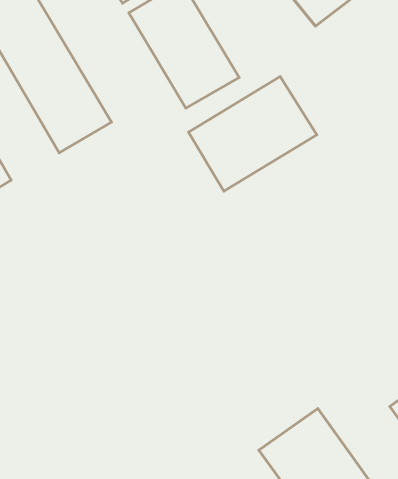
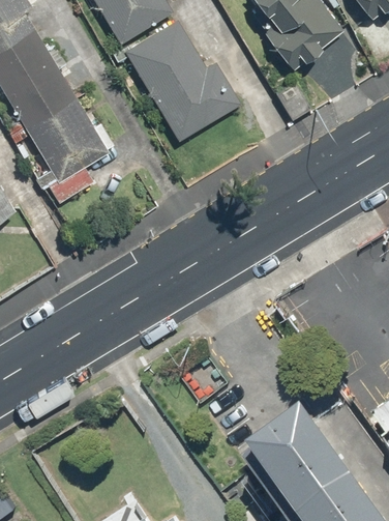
building: [188,76,317,191] -> none

